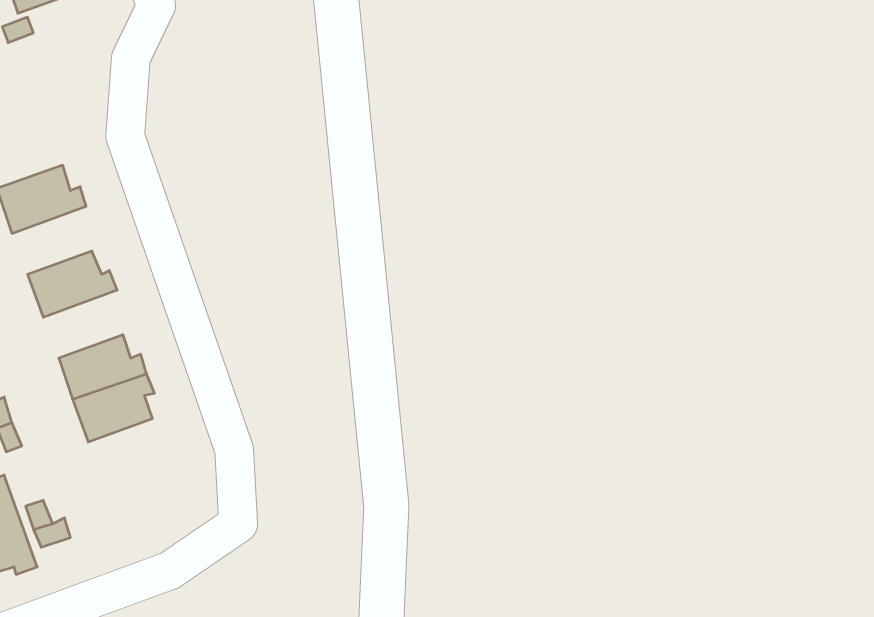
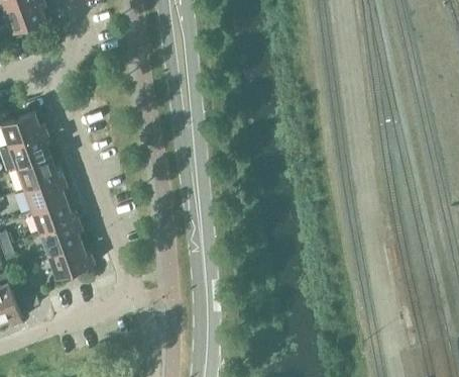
building: none -> [8,133,50,169]
building: none -> [24,177,66,212]
building: none -> [47,244,94,278]

